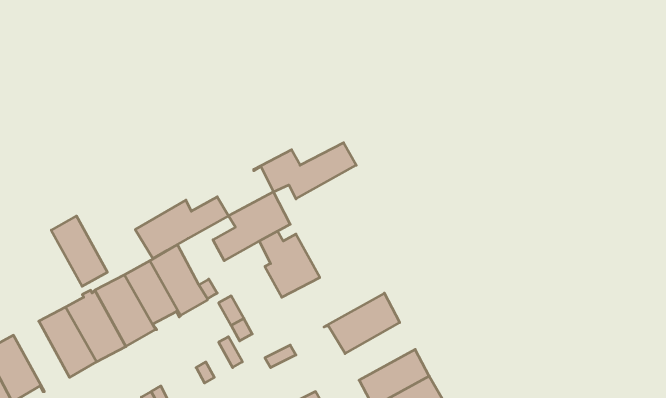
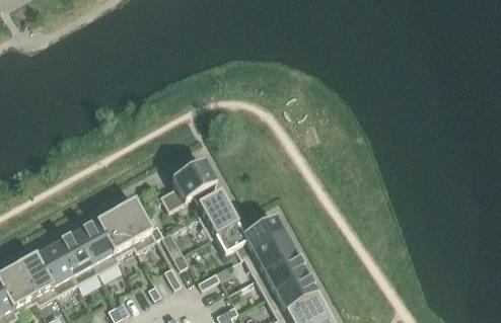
building: [254,143,356,199] -> [211,216,285,256]
building: [135,197,228,258] -> none
building: [51,216,107,286] -> [17,252,58,303]
building: none -> [257,253,307,295]

